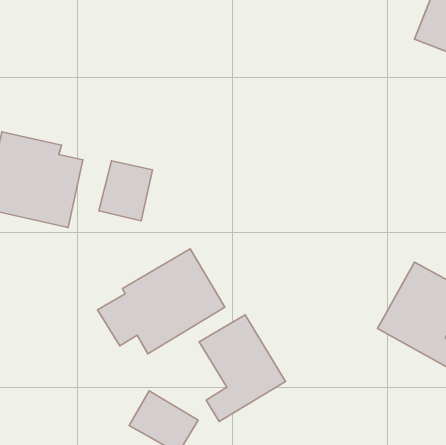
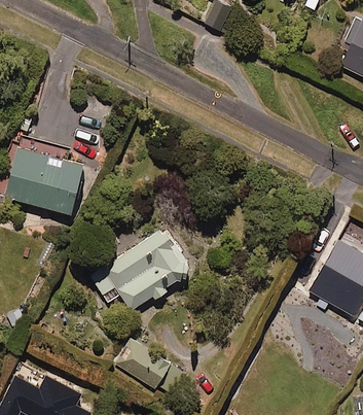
building: [99,161,152,221] -> none
building: [199,315,286,422] -> none

